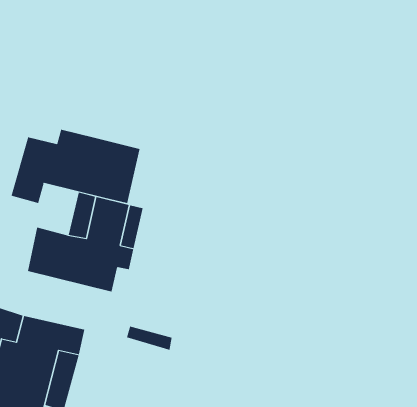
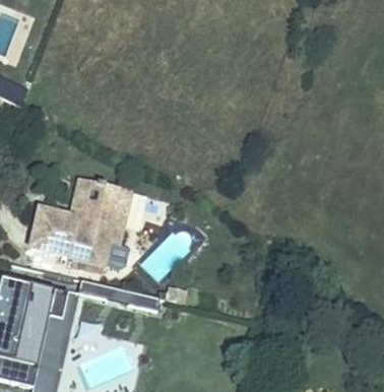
building: [11,129,140,204] -> none

